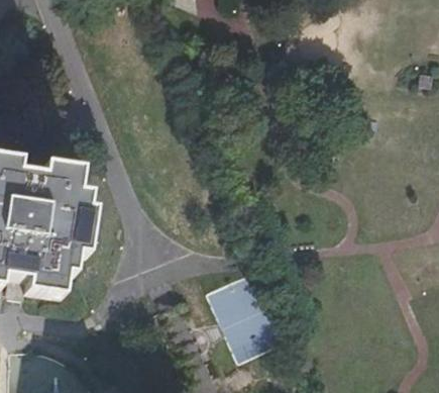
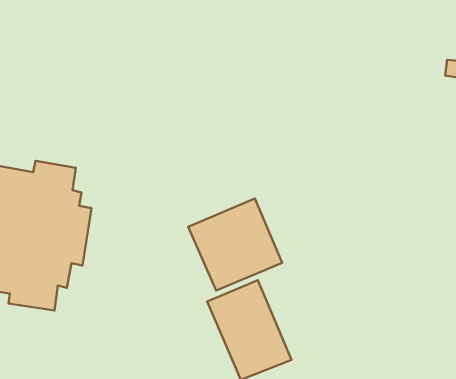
building: none -> [188,198,282,290]

